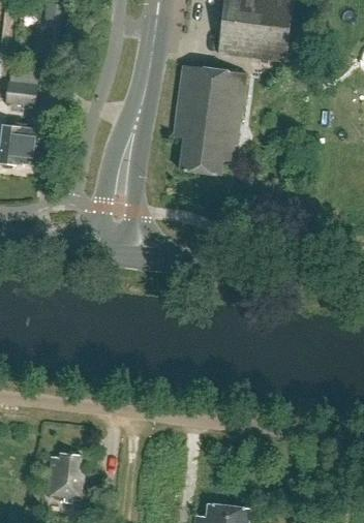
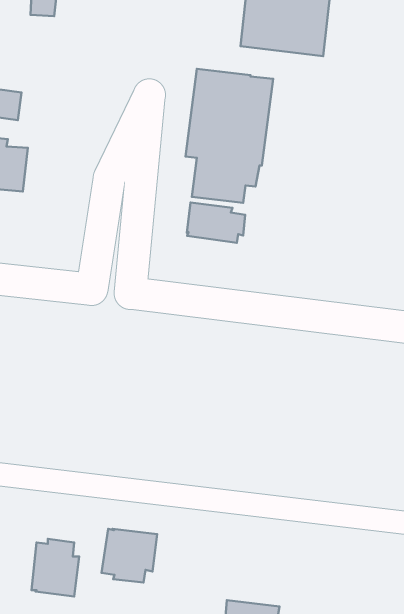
building: none -> [187,202,245,243]
building: none -> [102,529,157,583]

